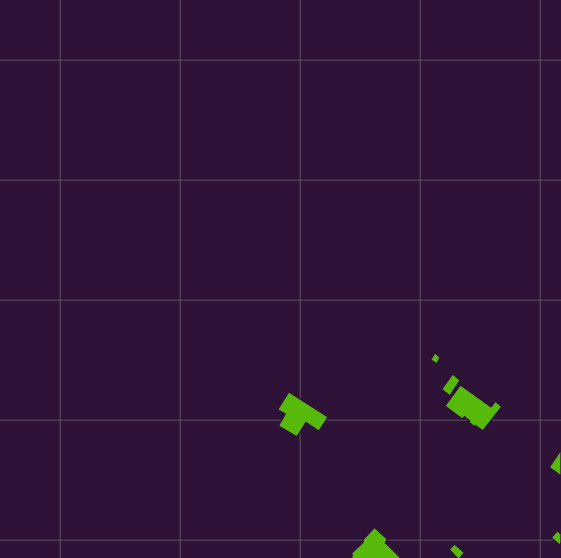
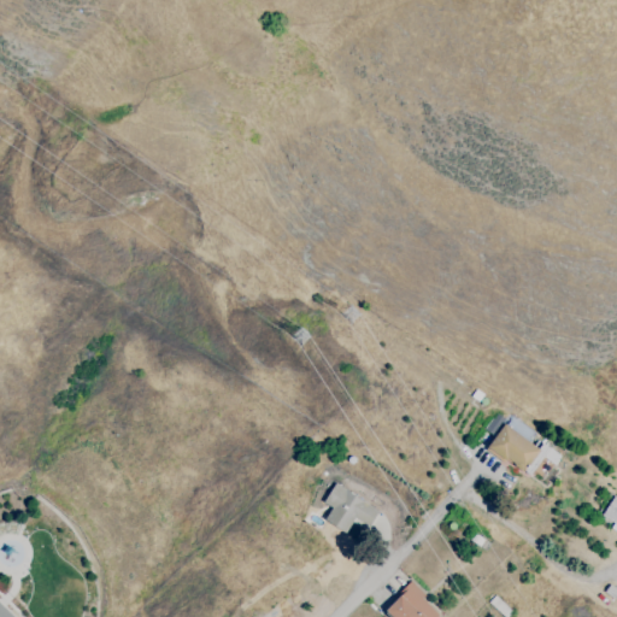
building: [278,392,328,437] -> [324,483,380,533]

